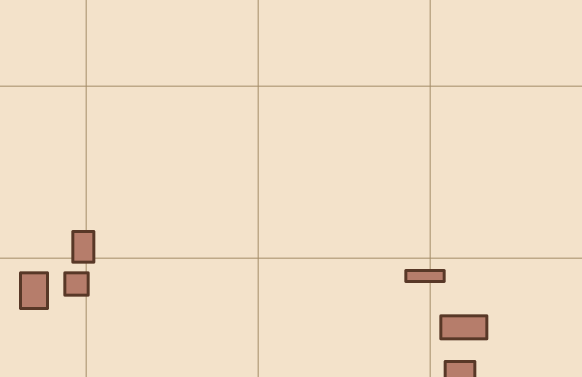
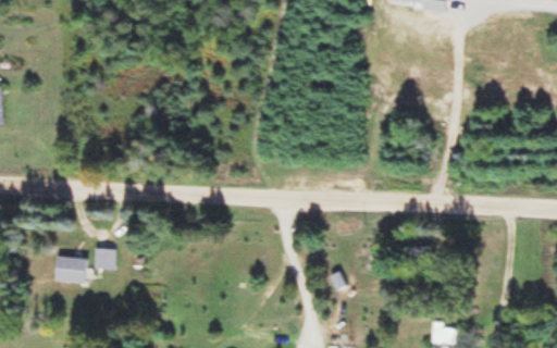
building: [73,232,94,262] -> none
building: [441,316,487,339] -> none

